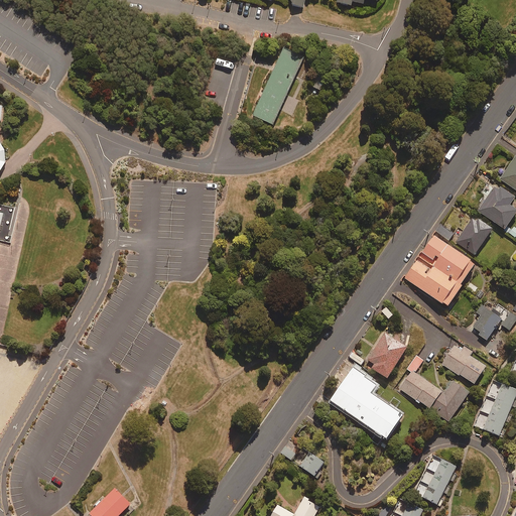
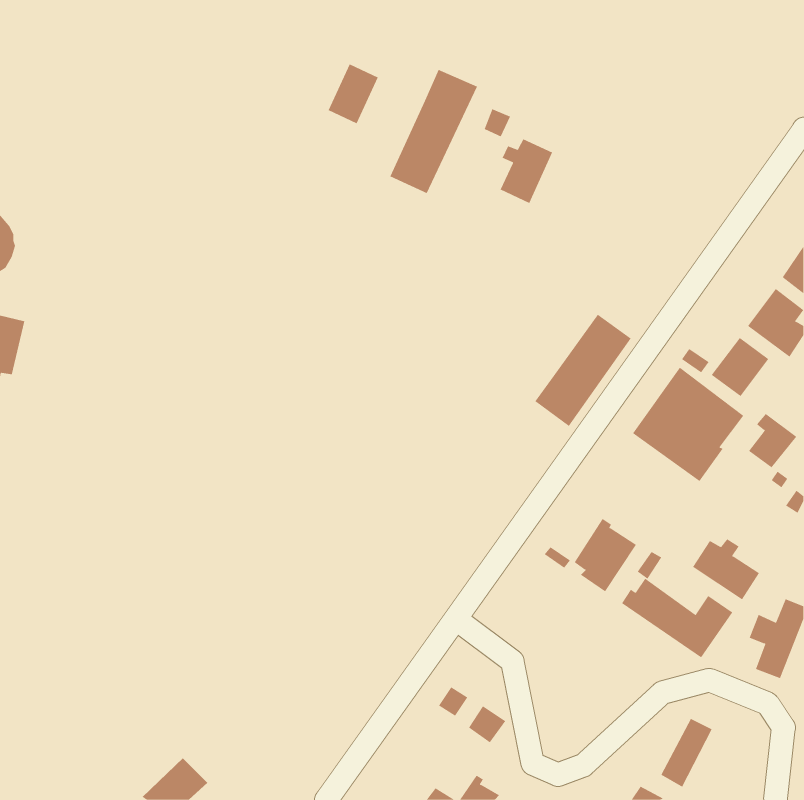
building: none -> [328,63,379,124]
building: none -> [500,139,553,204]
building: none -> [534,314,631,427]
building: [471,304,502,340] -> [748,413,797,468]
building: [329,369,404,442] -> none

